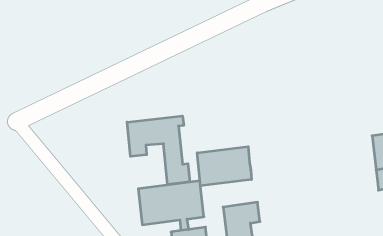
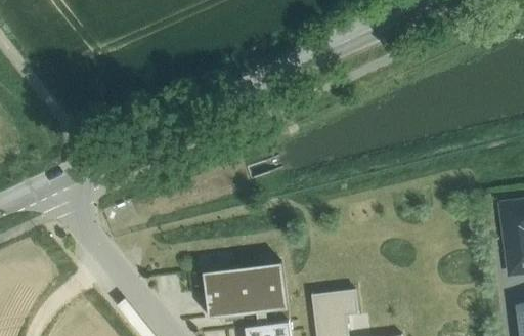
building: [127,116,190,184] -> none
building: [197,147,251,186] -> none

